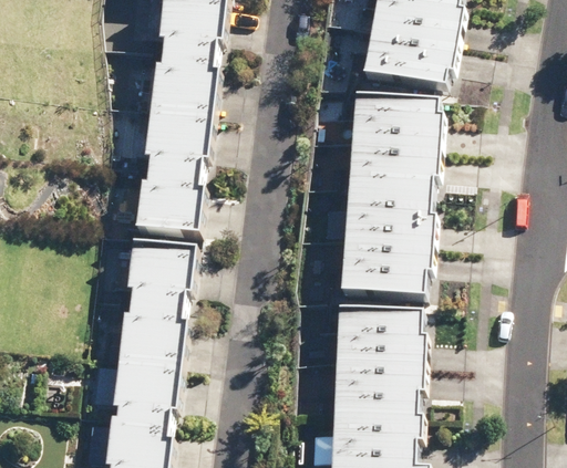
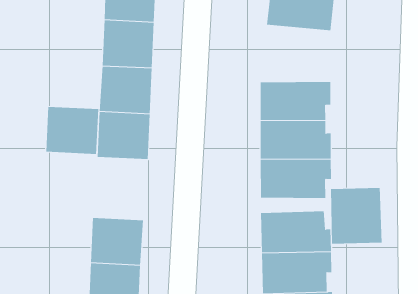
building: [349,92,442,147] -> none
building: [124,241,196,306] -> [45,106,99,154]
building: none -> [331,187,382,245]

